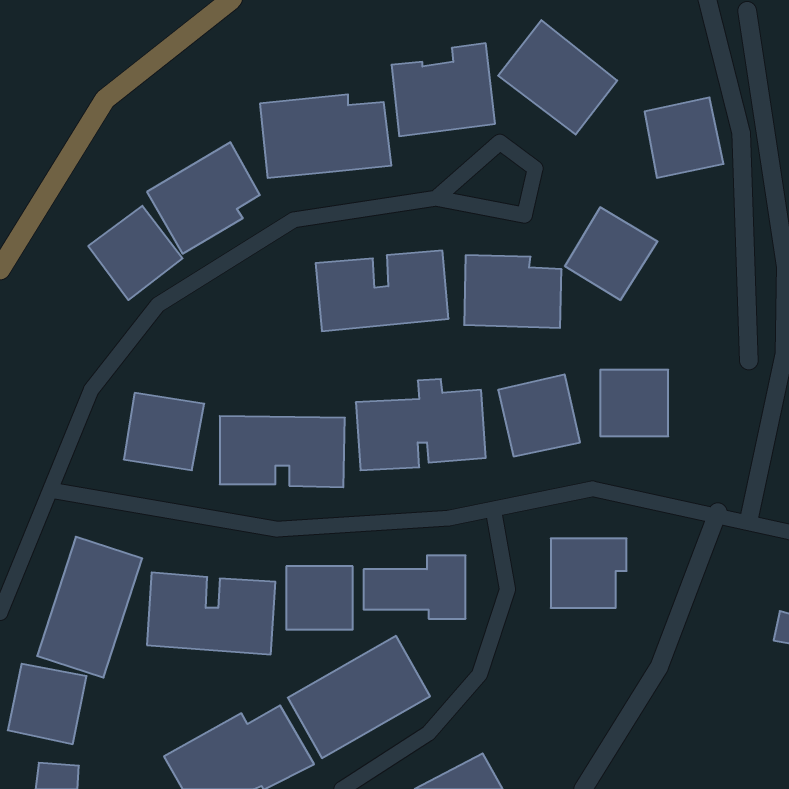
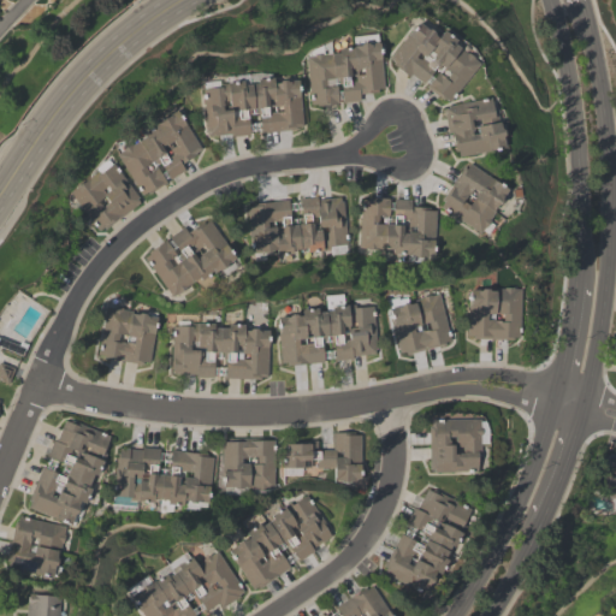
building: [645,97,724,178] -> [445,96,507,159]
building: none -> [146,214,238,300]
building: none -> [384,485,474,598]

